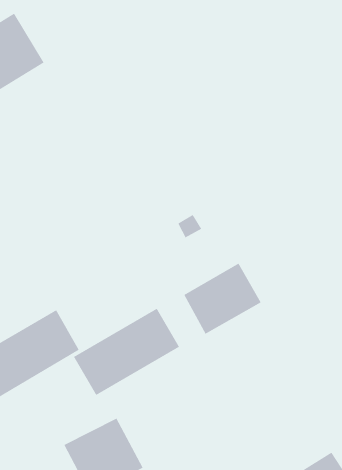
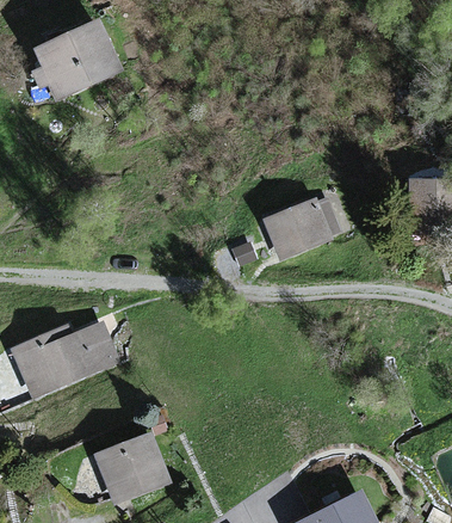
building: [184,263,262,335] -> [262,192,339,259]
building: [73,308,180,396] -> none

